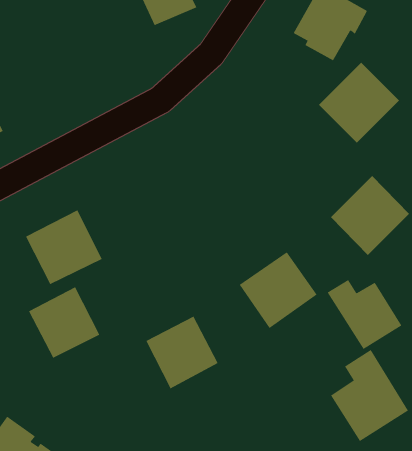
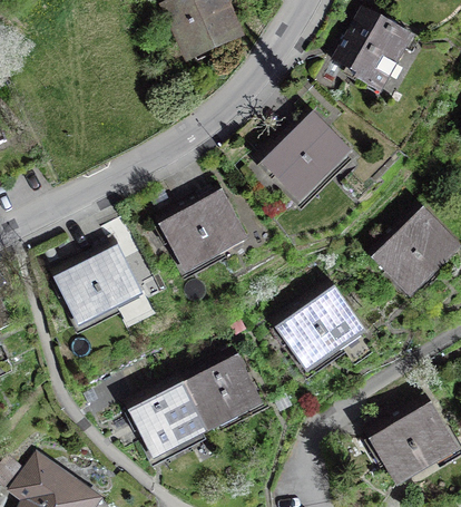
building: [318,62,400,144] -> [263,114,347,198]
building: none -> [164,189,244,269]
building: [327,279,402,350] -> none
building: [28,287,100,359] -> [134,381,208,456]

